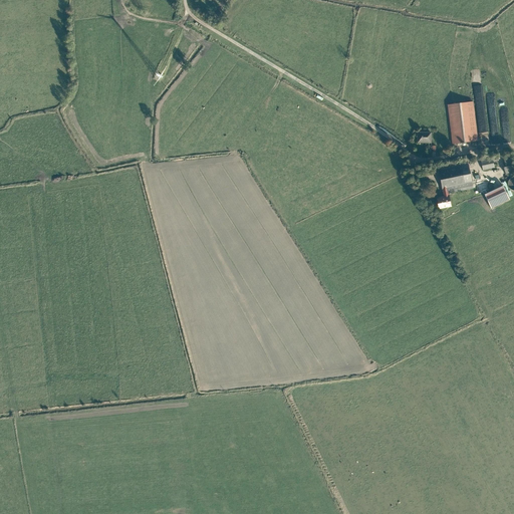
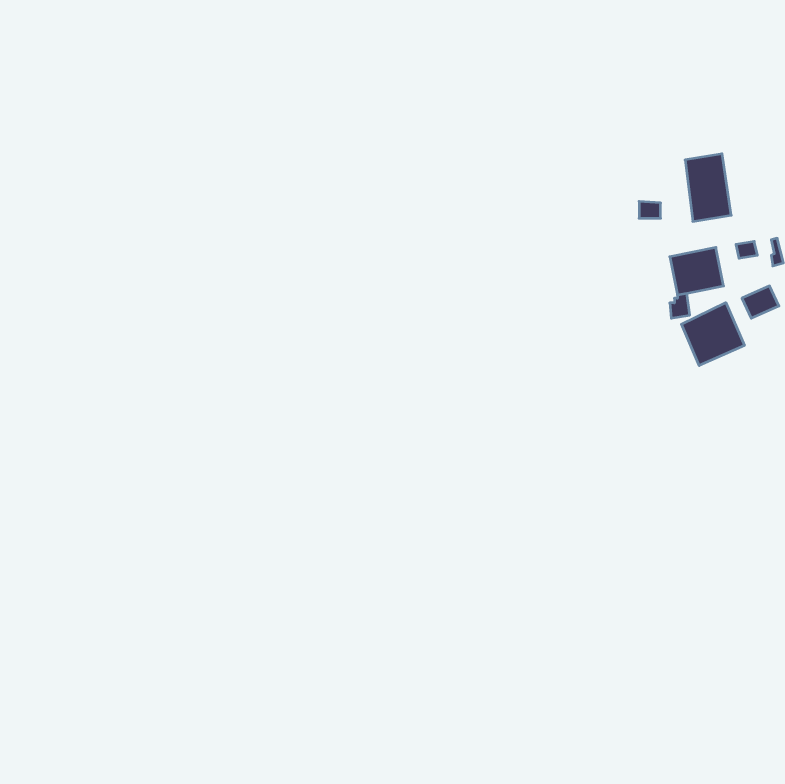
building: none -> [681,303,744,366]

